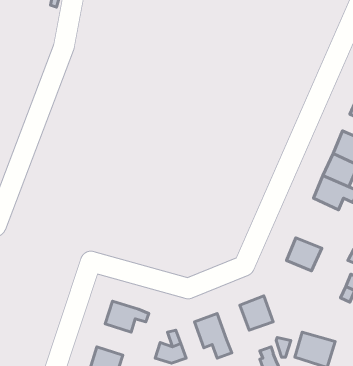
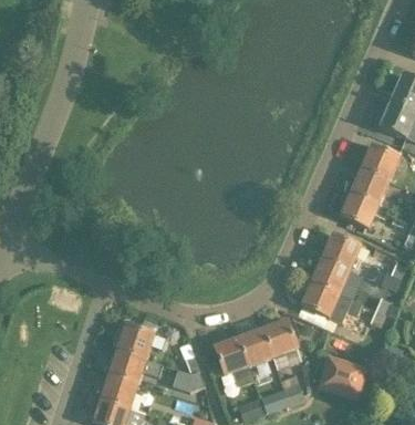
building: none -> [322,232,360,268]
building: none -> [301,281,362,322]
building: none -> [238,329,272,365]
building: none -> [110,349,163,382]

